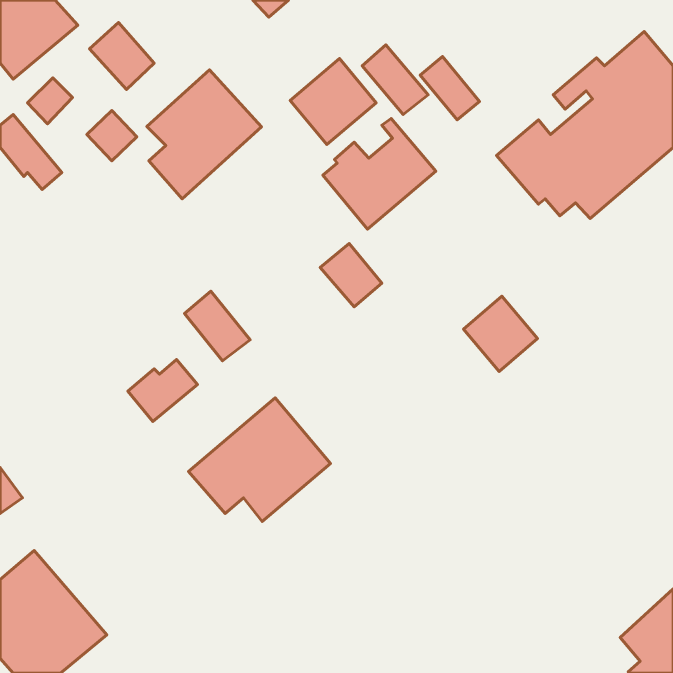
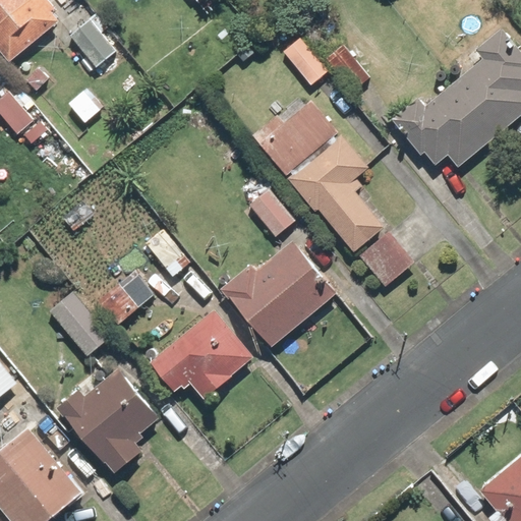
building: [290,59,376,145] -> none
building: [147,70,262,199] -> none
building: none -> [286,133,389,255]
building: none -> [218,242,335,350]
building: none -> [49,291,111,355]
building: none -> [54,369,157,478]

